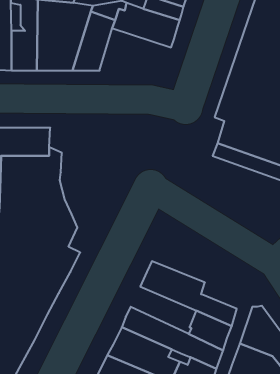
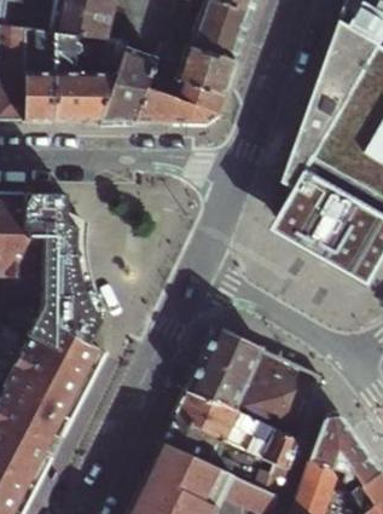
building: none -> [134,69,224,123]
building: none -> [199,329,321,420]
building: none -> [173,392,255,451]

